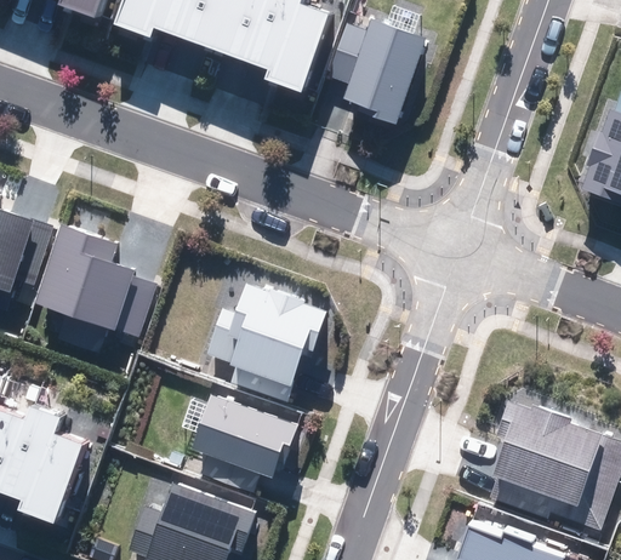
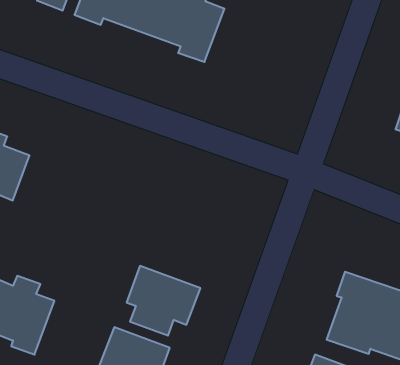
building: [329,18,425,120] -> none
building: [24,224,152,358] -> none
building: [200,282,324,401] -> none

